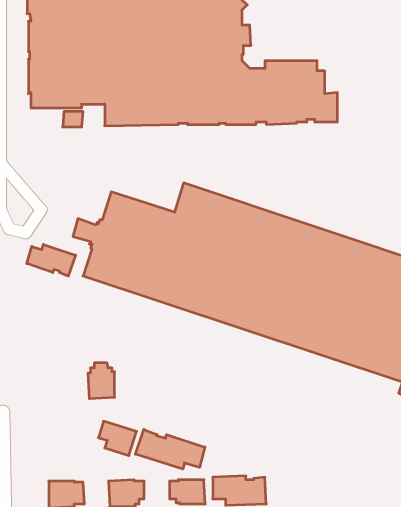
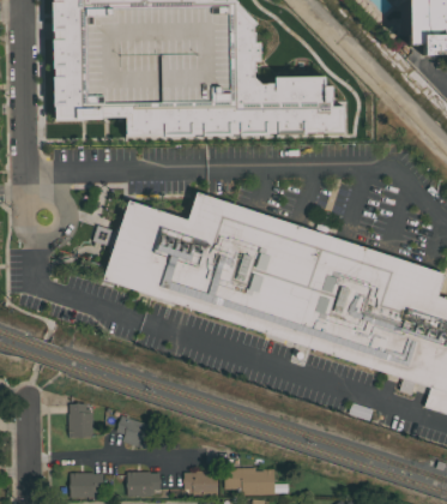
building: [27,244,76,276] -> none
building: [88,363,115,399] -> [68,403,93,437]
building: [135,429,205,469] -> none

